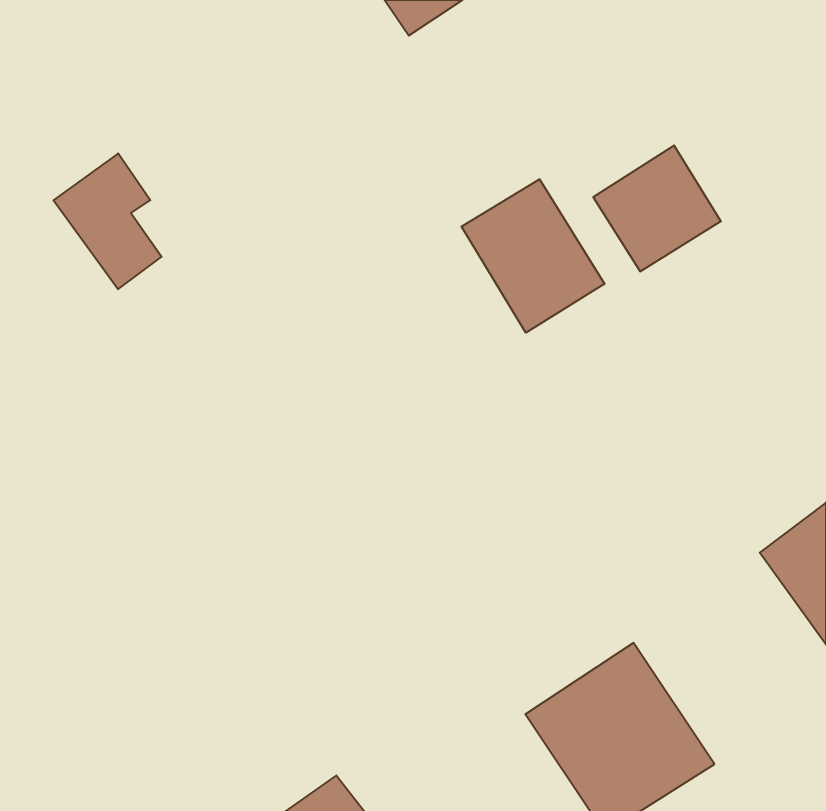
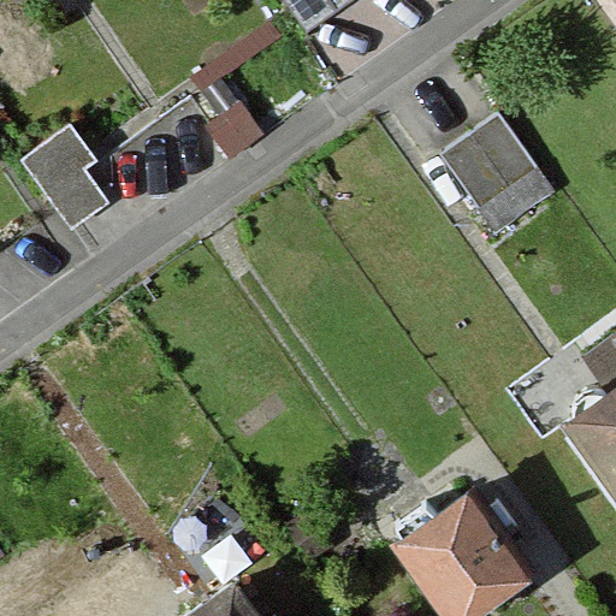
building: [462,179,605,333] -> none

